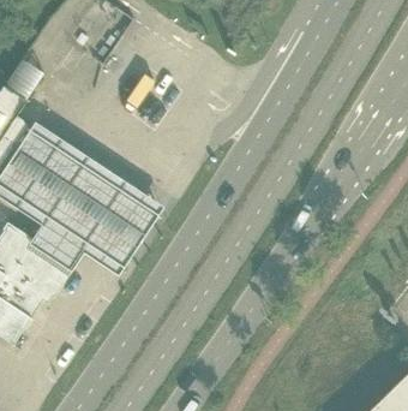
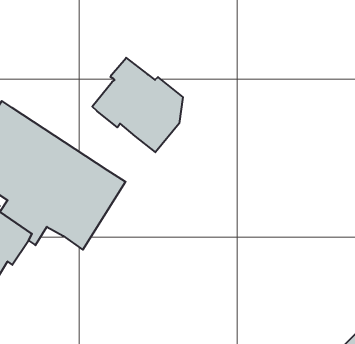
building: none -> [92,58,183,152]

